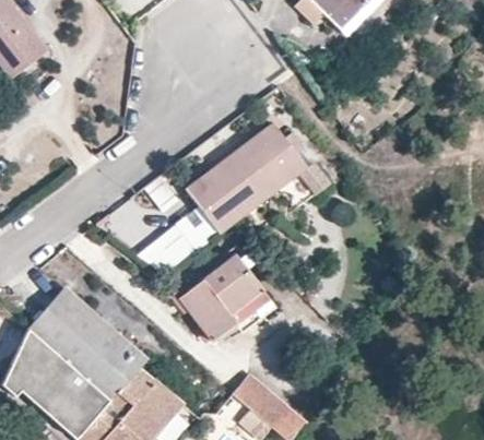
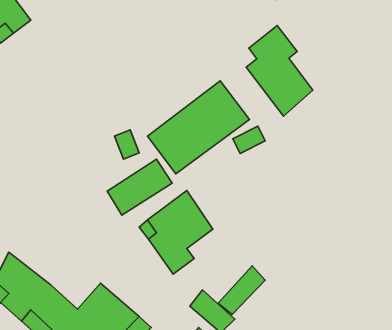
building: none -> [246,25,313,116]
building: [22,283,140,393] -> none
building: none -> [218,266,265,315]

